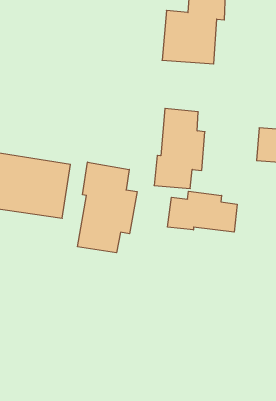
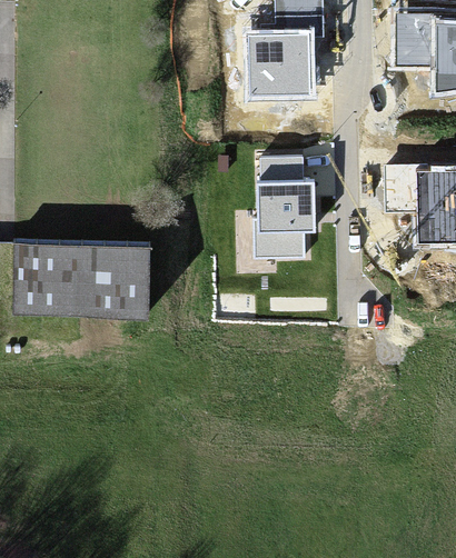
building: [78,162,137,253] -> none
building: [168,191,237,232] -> none

